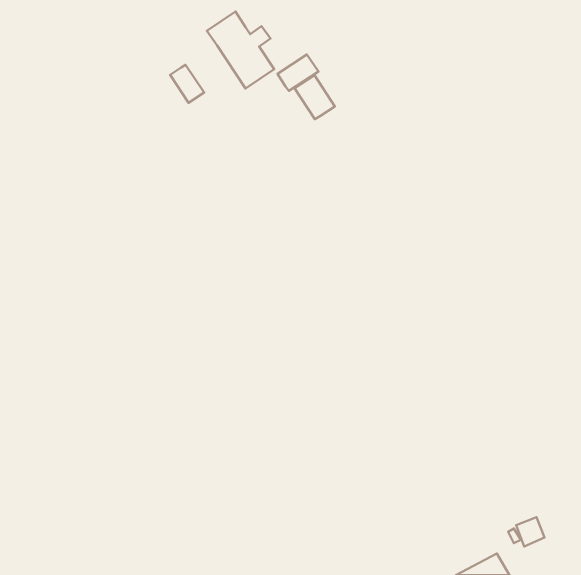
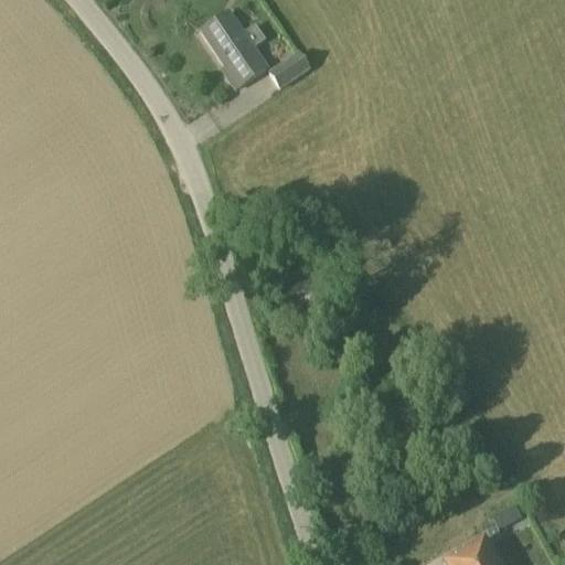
building: [170,65,204,103] -> none
building: [295,75,335,119] -> none

